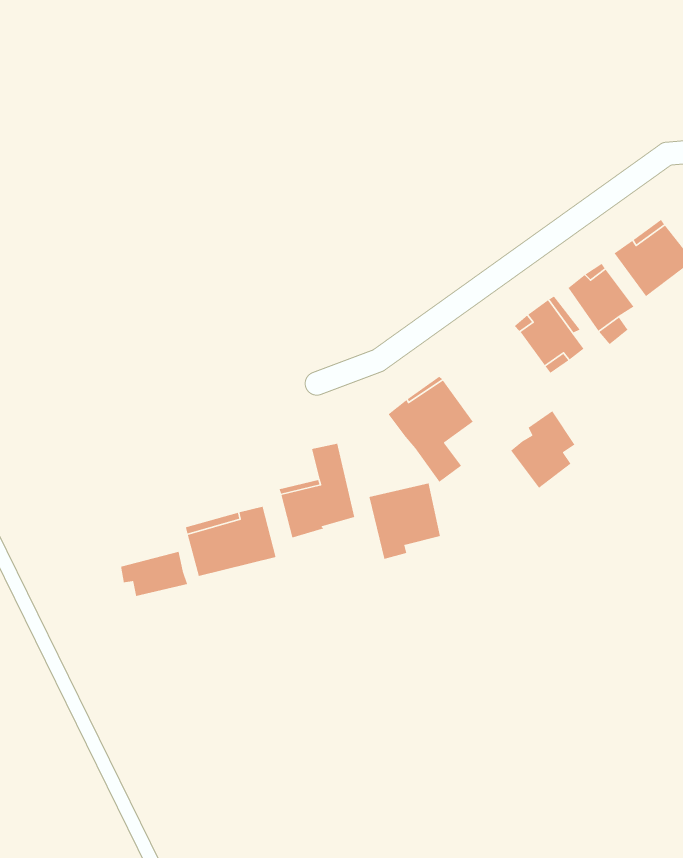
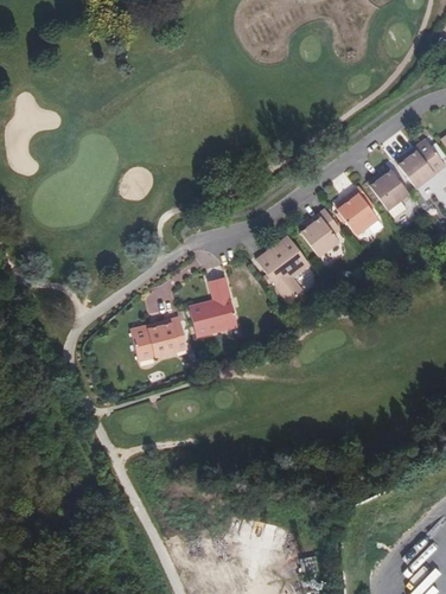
building: [510,410,575,489] -> [299,207,339,256]
building: [369,483,441,560] -> none
building: [120,551,188,597] -> none

